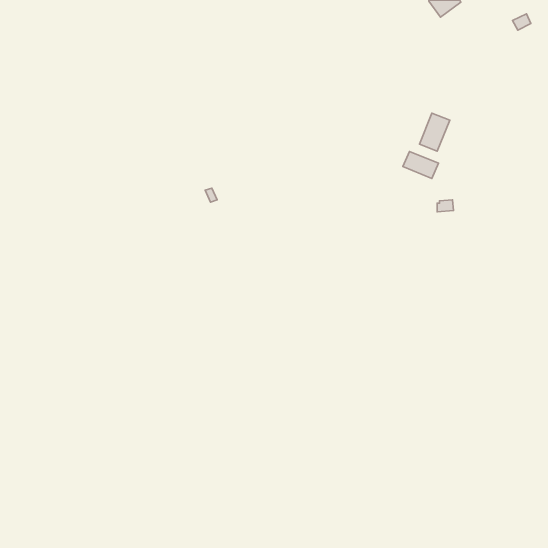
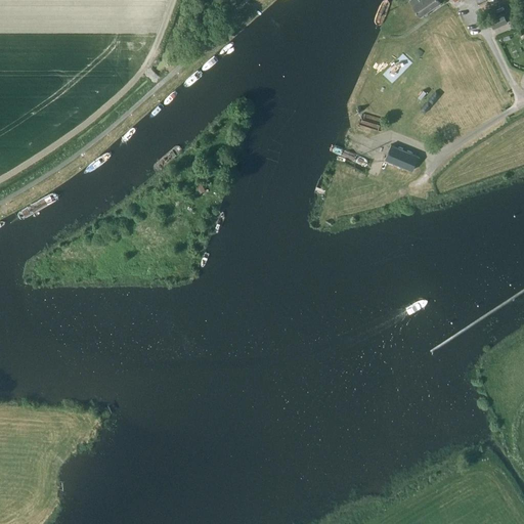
building: [419,113,450,151] -> none

